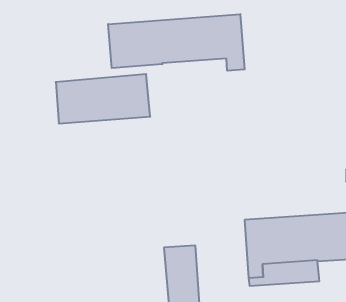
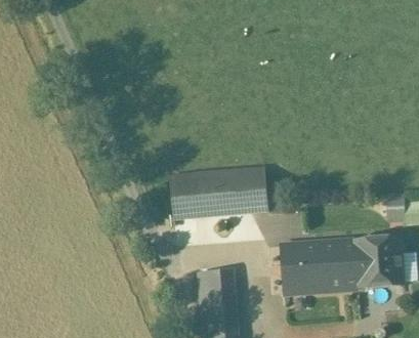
building: [108,14,245,71] -> none
building: [56,74,150,123] -> [168,165,266,216]

